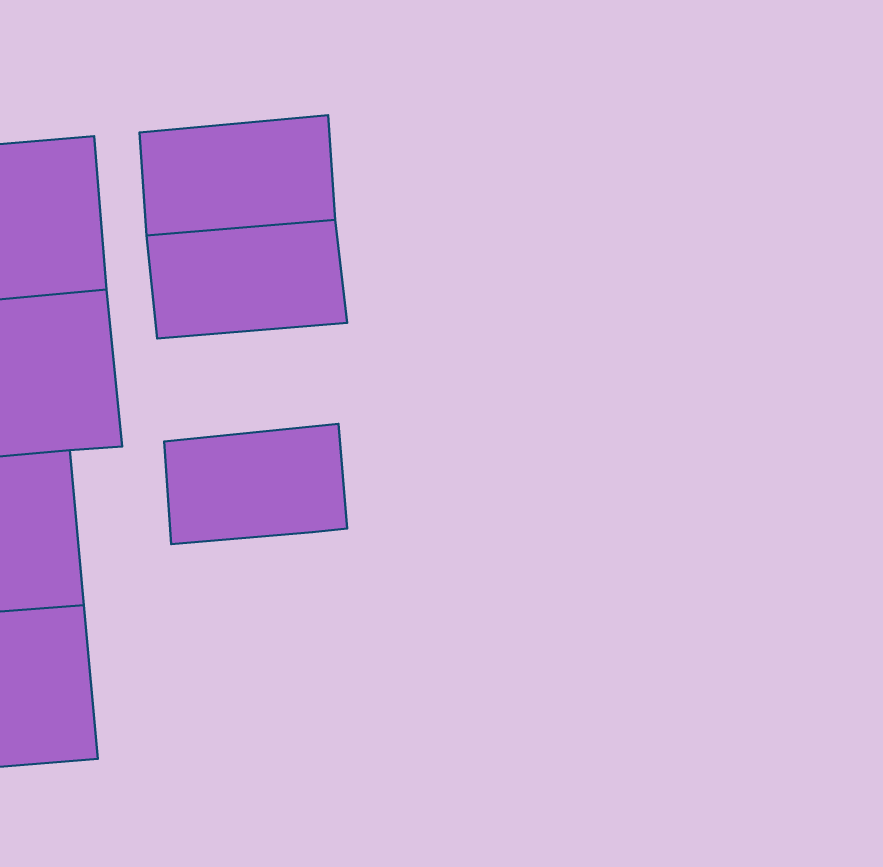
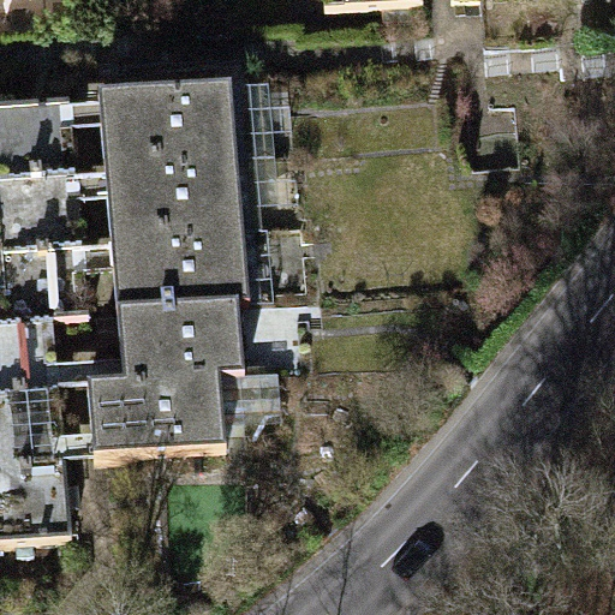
building: none -> [108,222,245,304]
building: none -> [83,366,221,450]

